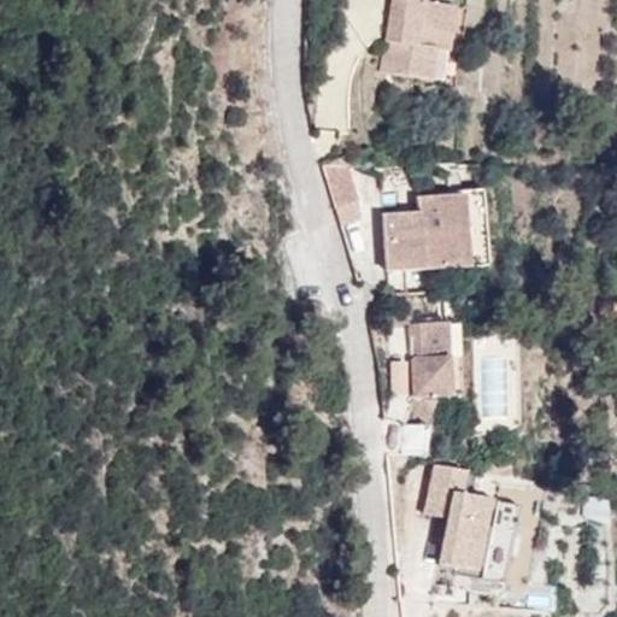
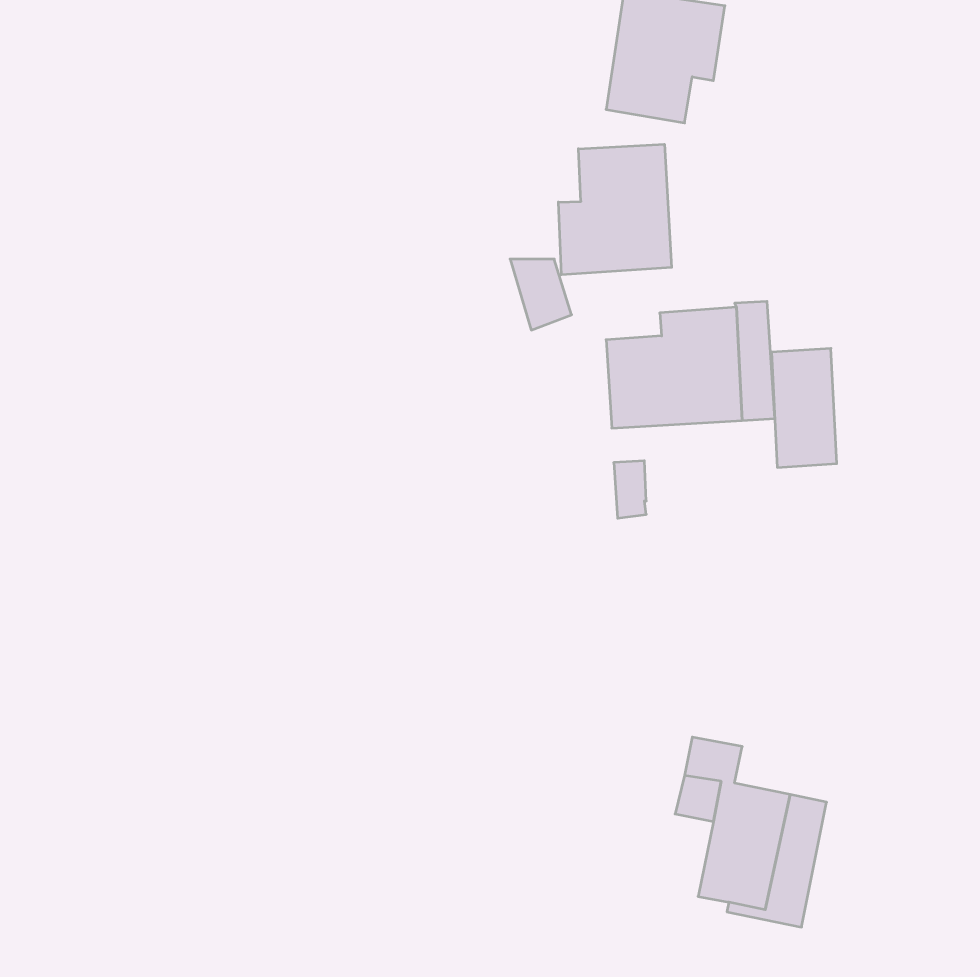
building: none -> [558,144,672,275]
building: [410,321,451,395] -> [771,348,837,467]

